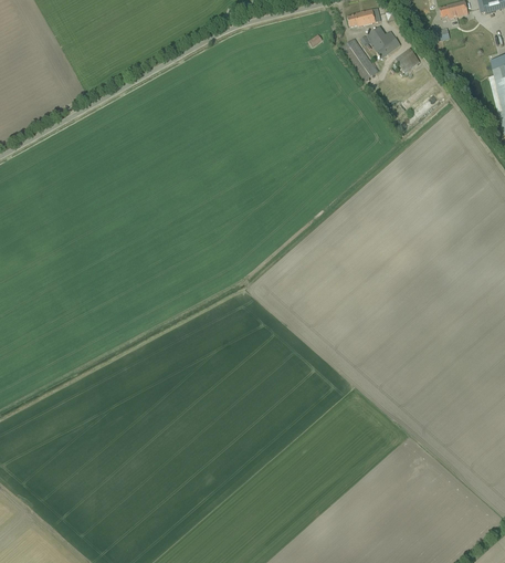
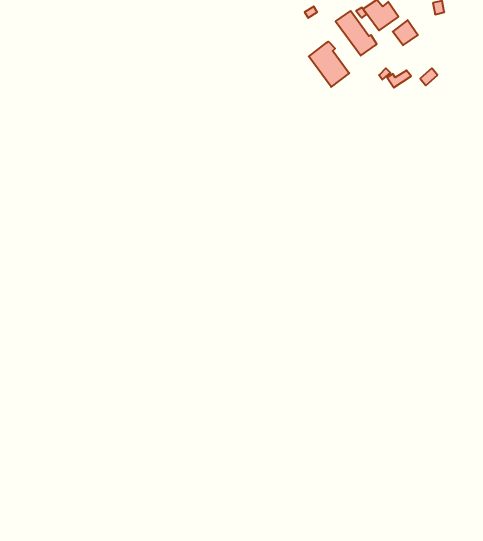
building: none -> [309,42,349,87]

